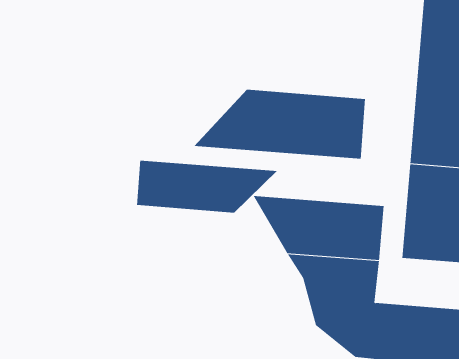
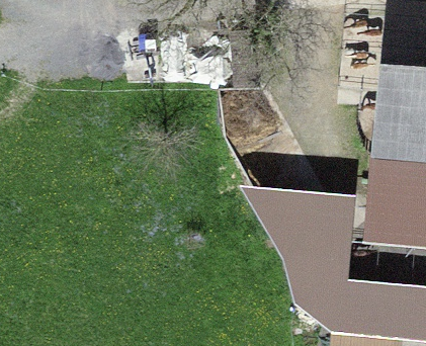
building: [193,89,366,160] -> none
building: [137,160,278,213] -> none

